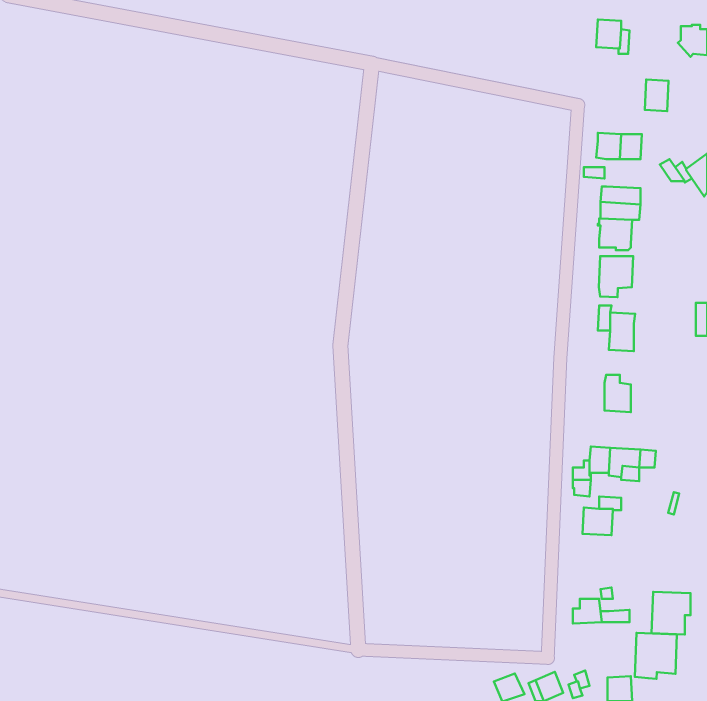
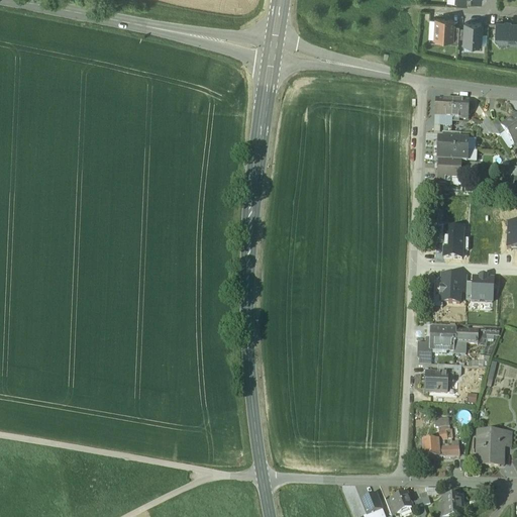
building: [645,79,668,111] -> [464,18,482,41]
building: [599,256,633,297] -> none
building: none -> [473,275,493,299]
building: [635,633,677,679] -> none

